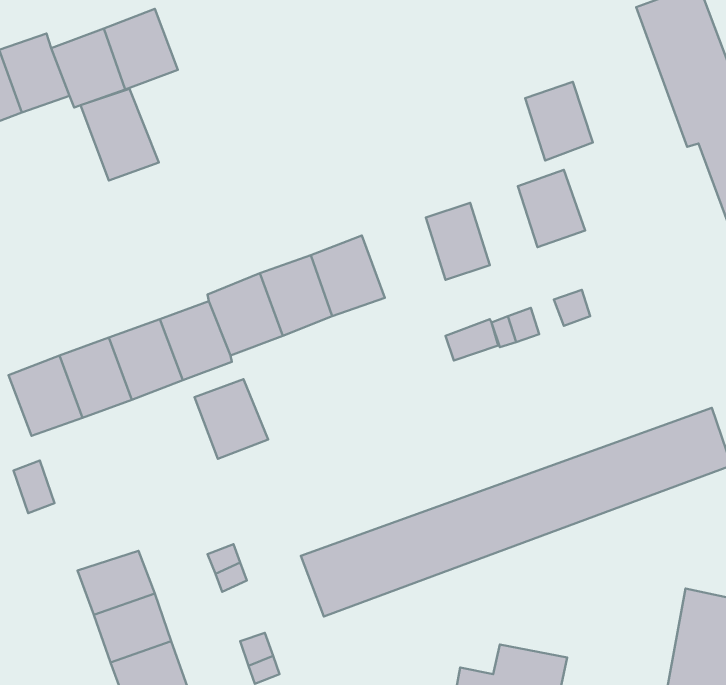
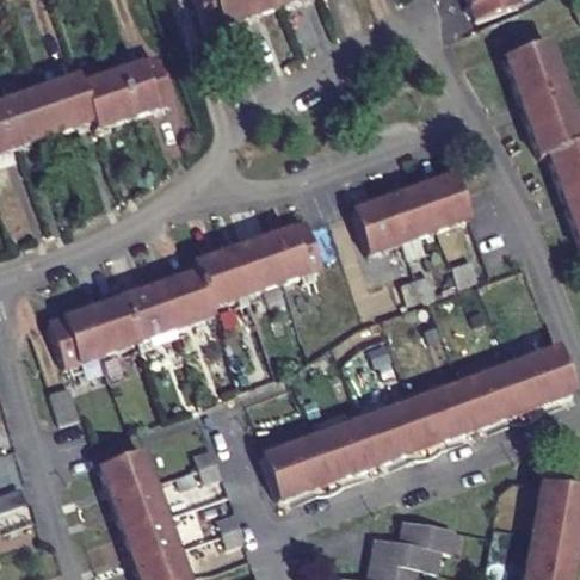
building: [525,82,593,161] -> [385,185,434,242]
building: [81,89,159,180] -> none
building: [195,379,268,459] -> none

